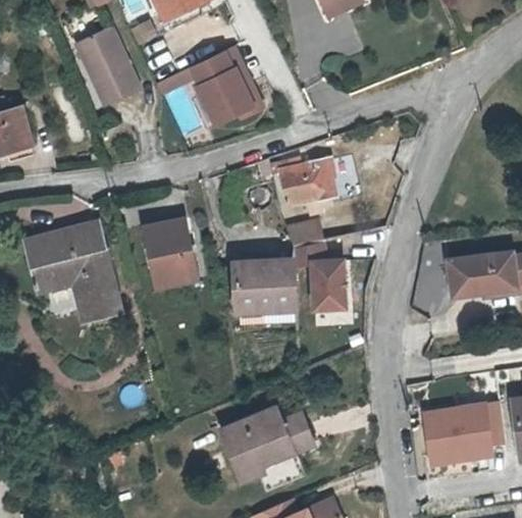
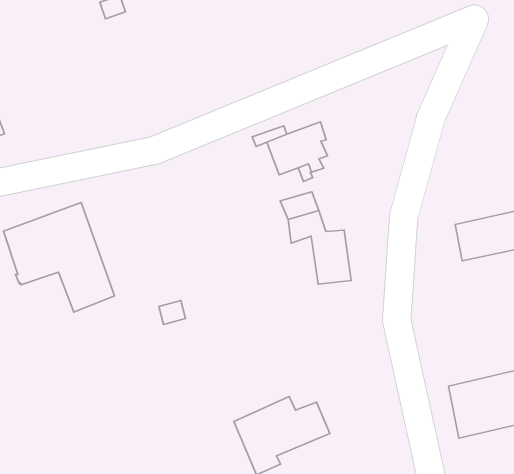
building: [77,29,142,109] -> none
building: [193,56,264,131] -> none
building: [142,218,193,286] -> none
building: [236,261,295,309] -> none

